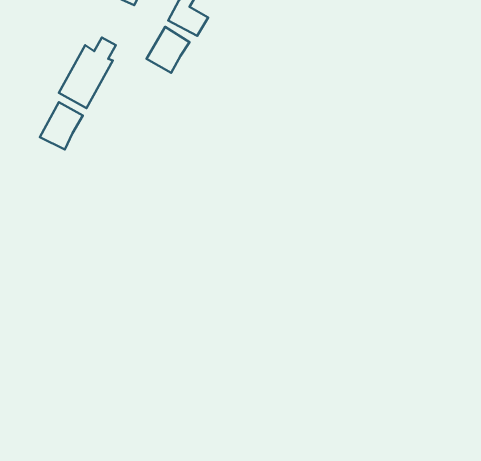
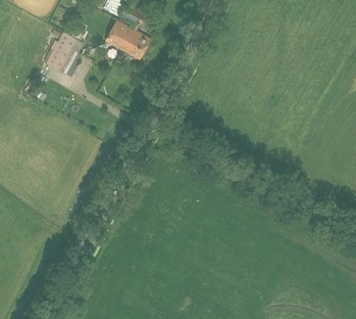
building: none -> [121,30,151,60]
building: [40,102,83,149] -> none

